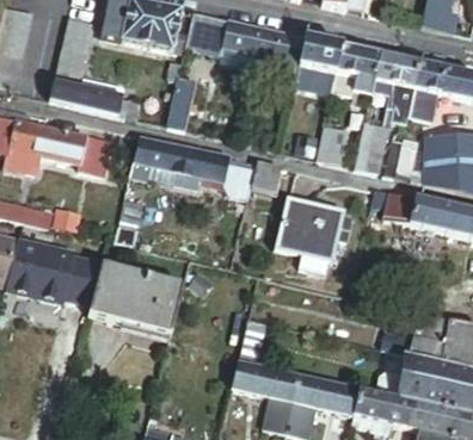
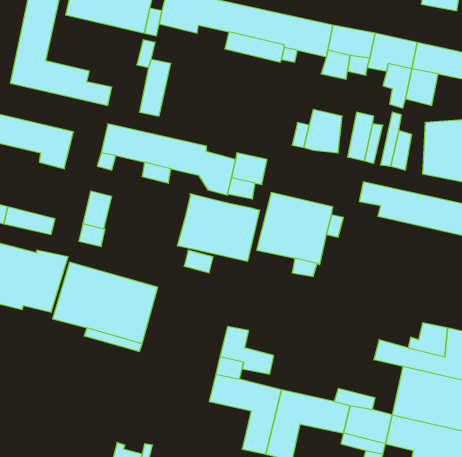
building: none -> [177,194,259,261]

